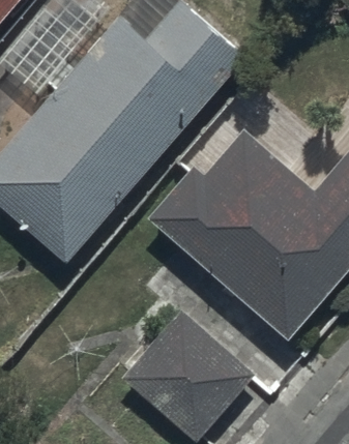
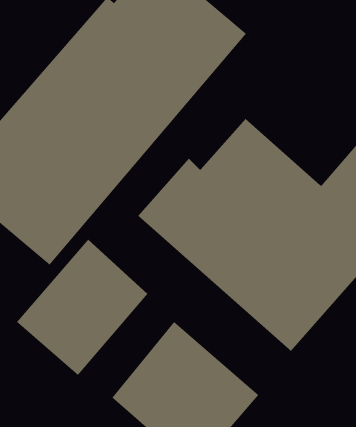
building: none -> [16,239,148,376]

